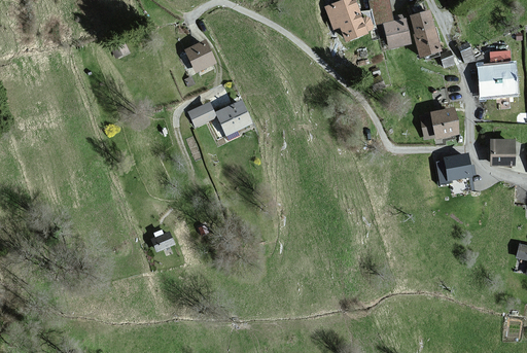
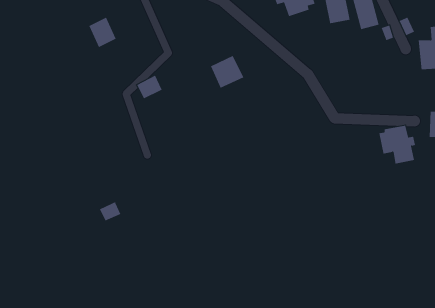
building: [186,39,215,71] -> [89,17,117,48]
building: [216,100,251,134] -> [210,55,244,88]
building: [422,108,457,138] -> none

